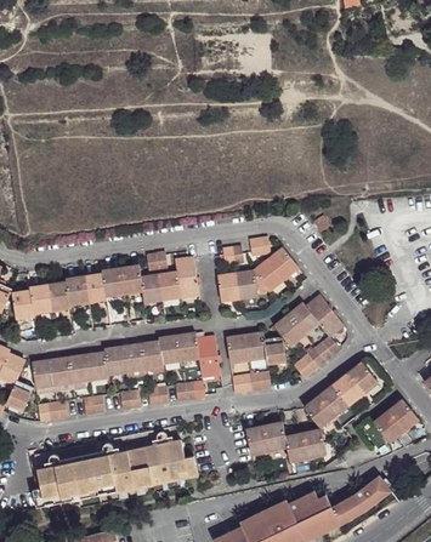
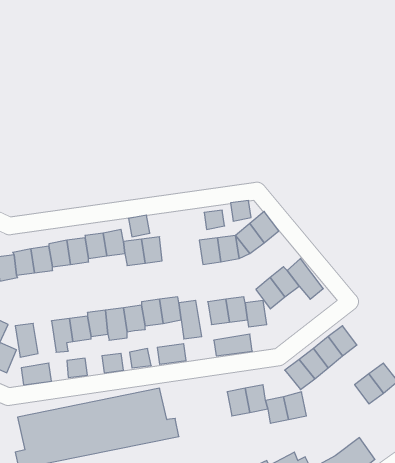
building: [175,258,198,297] -> none
building: [293,336,340,378] -> none
building: [50,358,73,393] -> none

